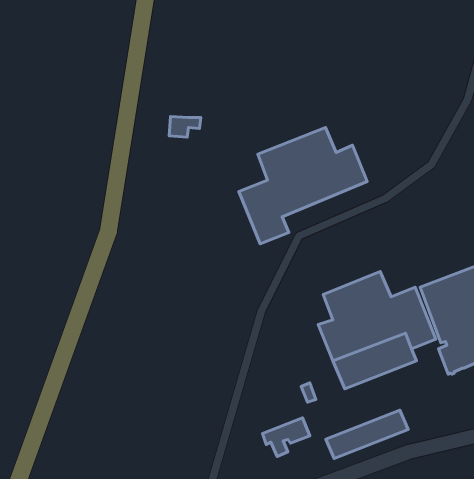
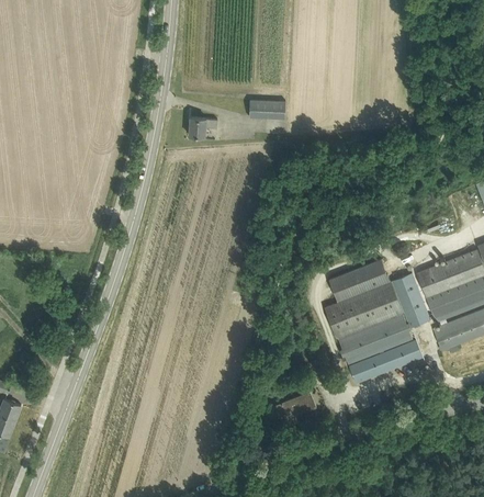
building: none -> [249,101,284,120]
building: [239,127,367,244] -> none
building: [326,410,408,458] -> [348,340,423,384]

